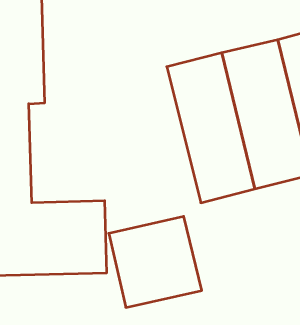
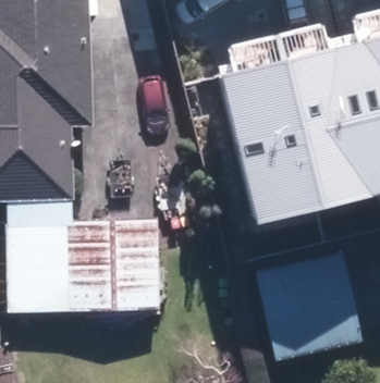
building: [109,216,202,307] -> [258,256,359,355]

